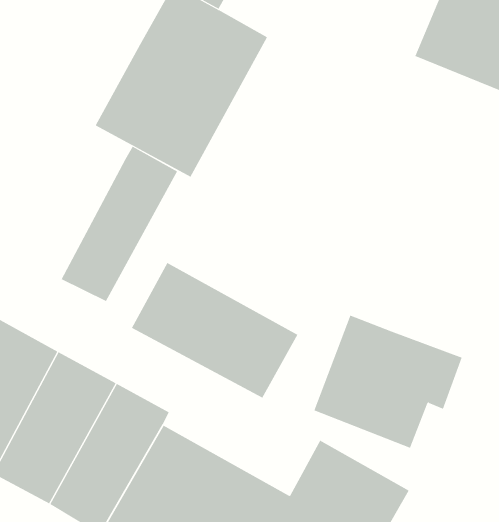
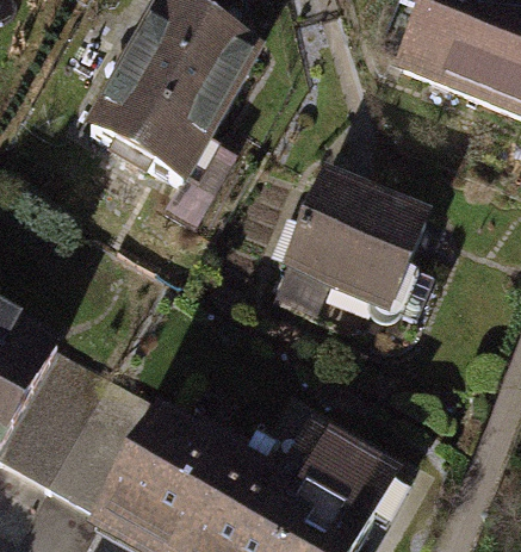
building: [61,146,178,302] -> none
building: [131,262,298,399] -> none
building: [313,315,462,448] -> [285,178,426,304]

